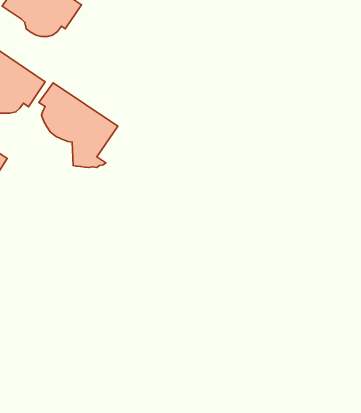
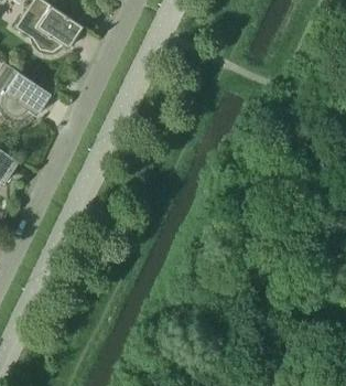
building: [39,83,118,168] -> none

